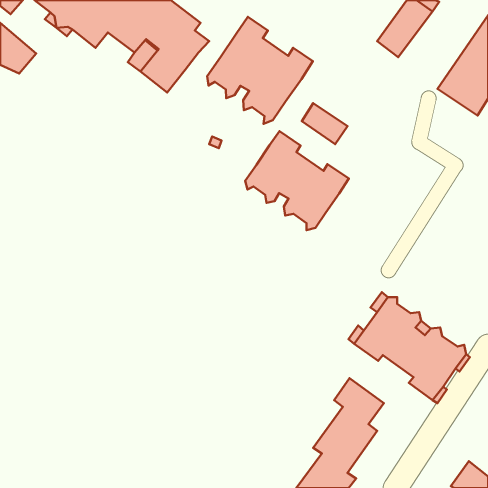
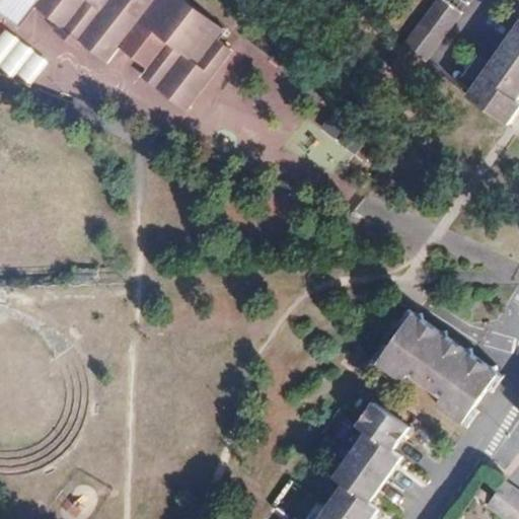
building: [207,17,313,124] -> none
building: [245,131,349,230] -> none

